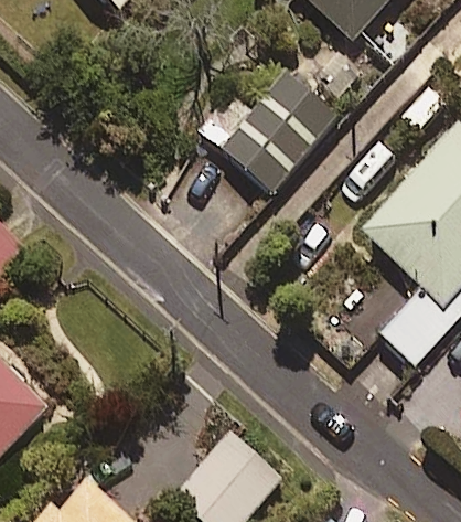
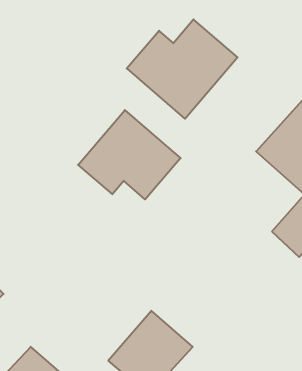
building: none -> [78,110,181,199]

